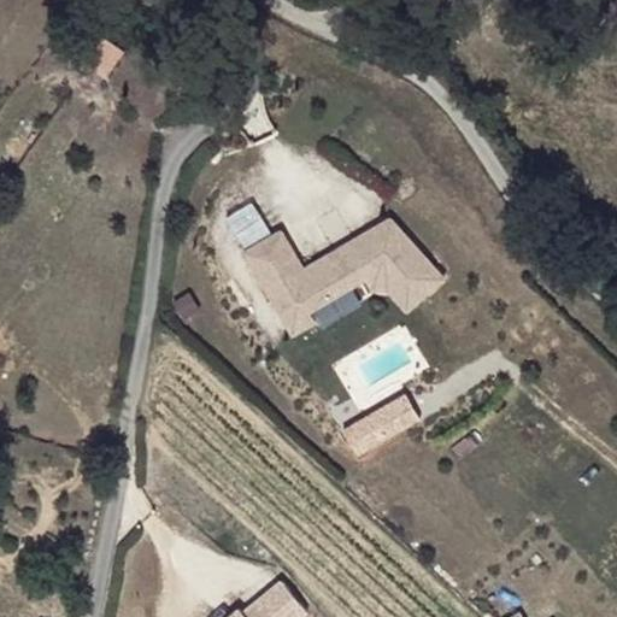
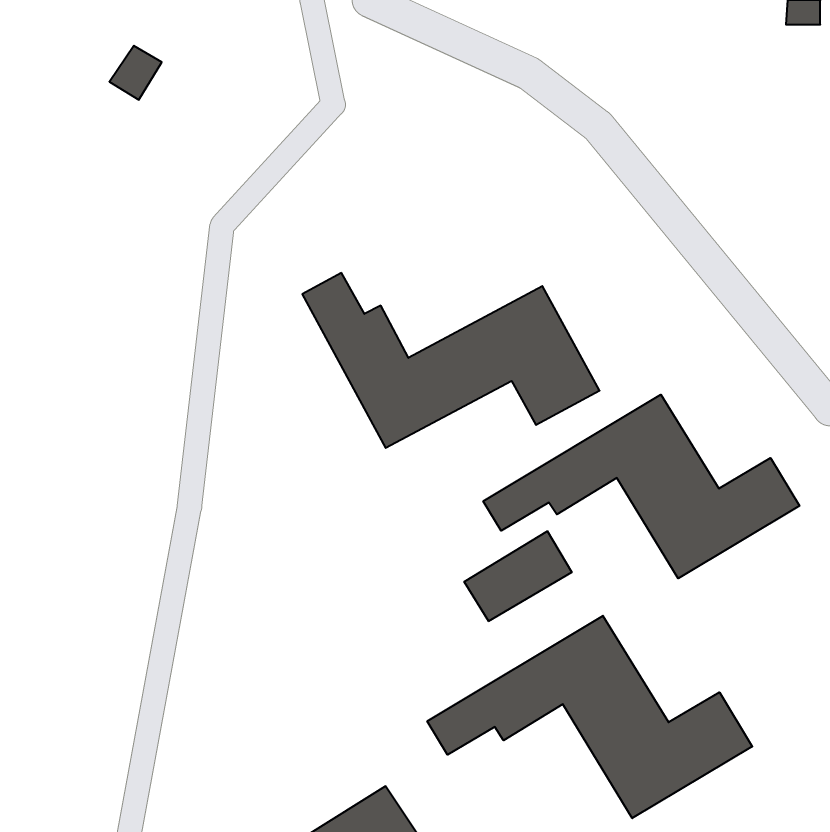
building: none -> [483,395,799,578]
building: none -> [427,616,752,818]

